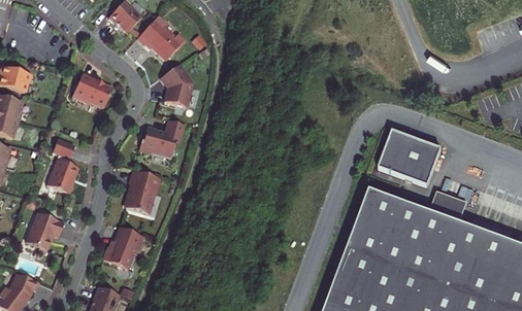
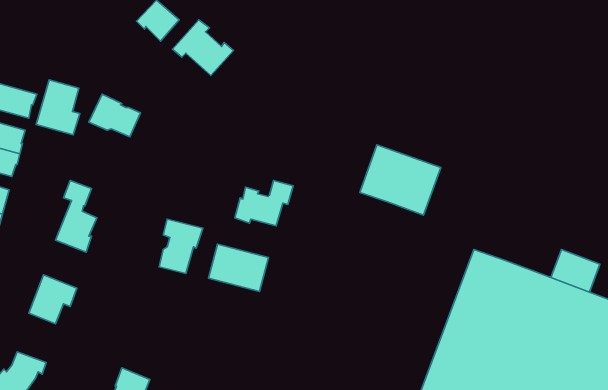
building: none -> [36,80,80,135]
building: [160,64,192,106] -> none
building: [138,119,184,154] -> [235,181,293,226]
building: [380,133,443,187] -> [360,145,441,215]
building: none -> [209,244,268,292]
building: [103,227,142,268] -> none

